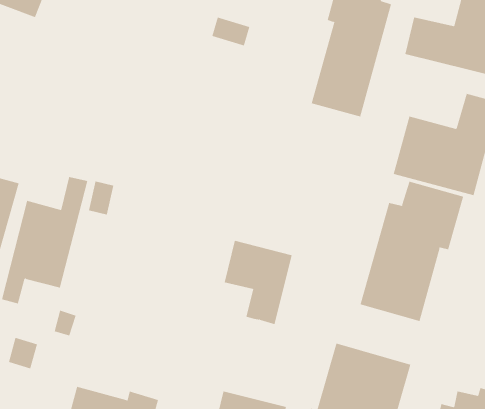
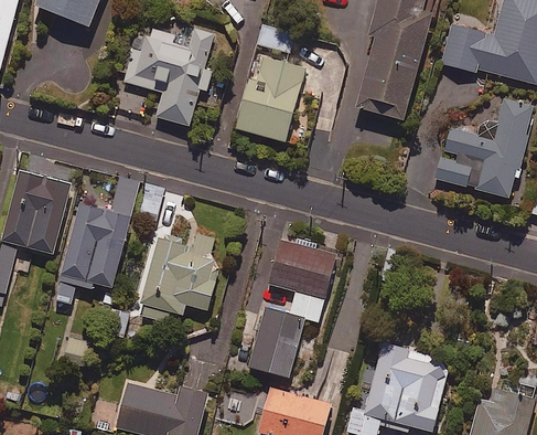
building: none -> [125,23,214,126]
building: none -> [235,54,307,141]
building: [360,181,464,322] -> none
building: none -> [136,233,219,322]
building: none -> [248,308,304,379]

